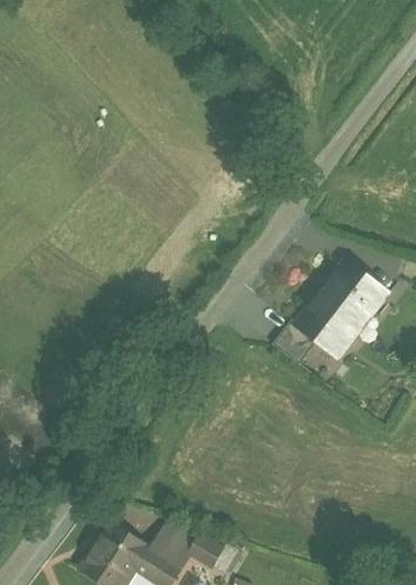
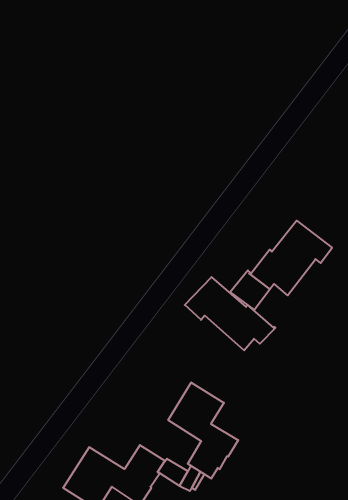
building: none -> [185,277,275,350]
building: none -> [168,382,238,479]

